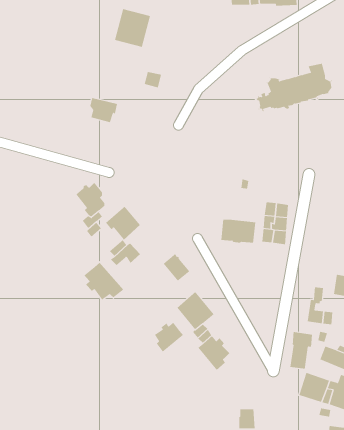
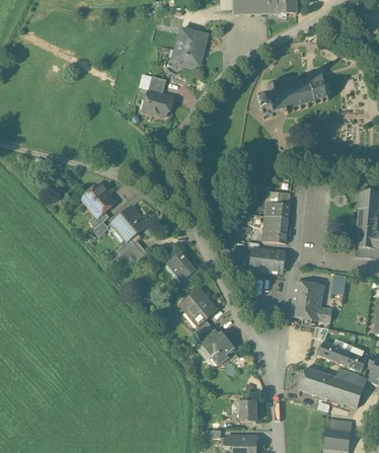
building: [114,8,151,47] -> [173,27,209,65]
building: [89,98,118,123] -> [146,91,173,116]
building: [220,219,256,243] -> [250,248,285,272]
building: [83,262,124,300] -> none
building: [154,322,184,352] -> none
building: [290,331,313,369] -> [291,281,313,317]

